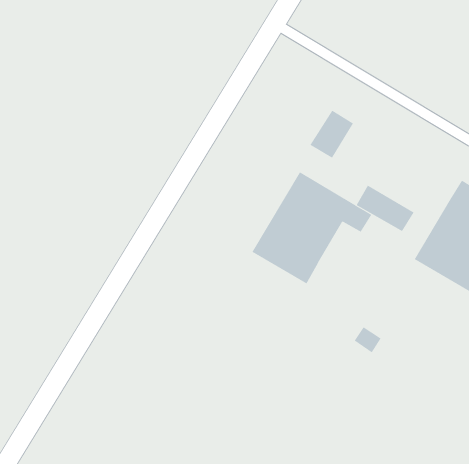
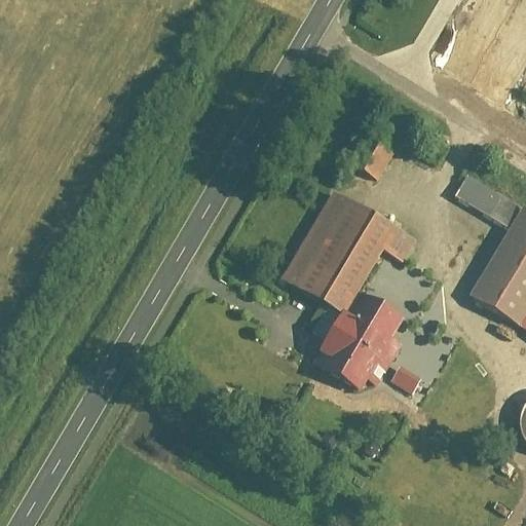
building: [356,185,415,232] -> [451,170,517,222]
building: none -> [316,293,401,388]

